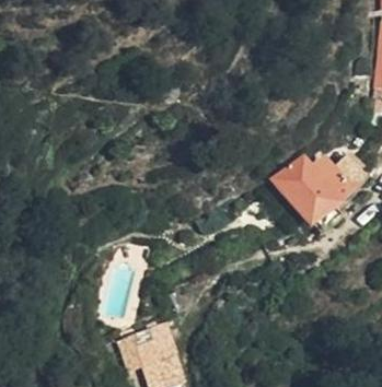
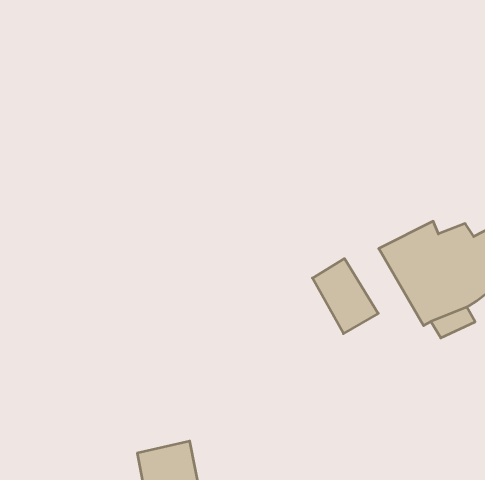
building: none -> [312,259,378,334]

